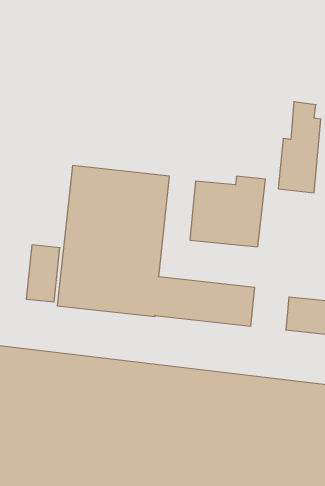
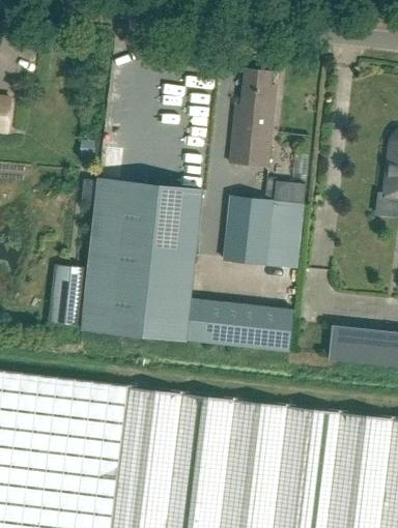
building: [278,102,321,193] -> [230,69,276,167]

